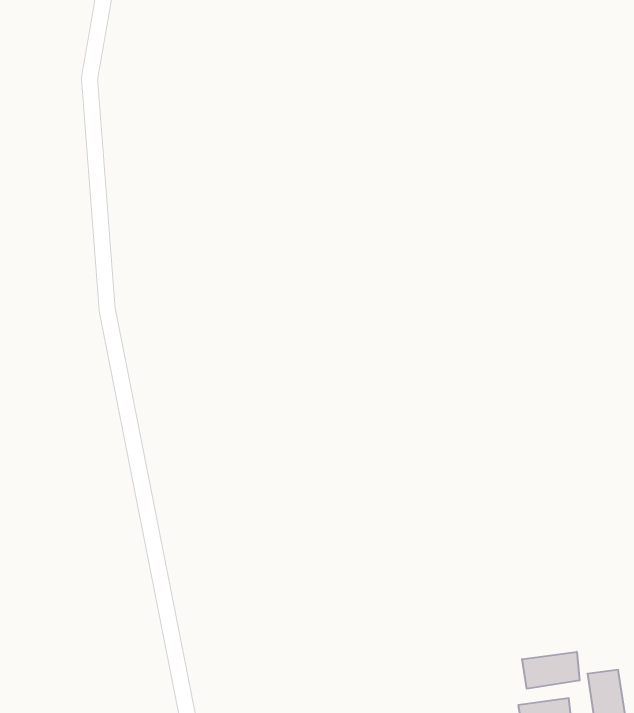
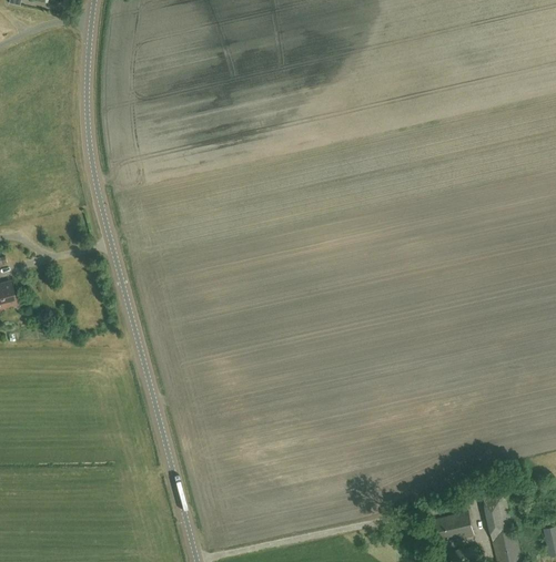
building: [522,652,579,689] -> none

